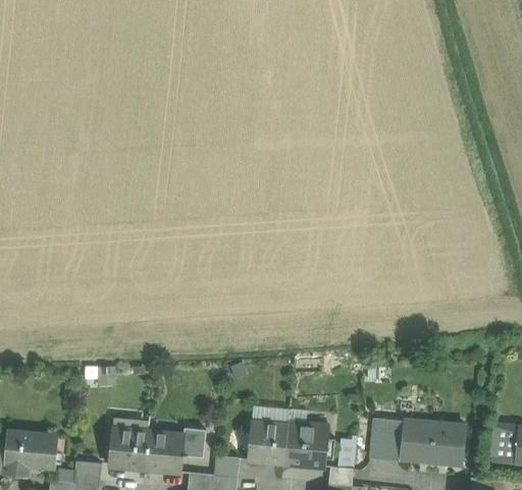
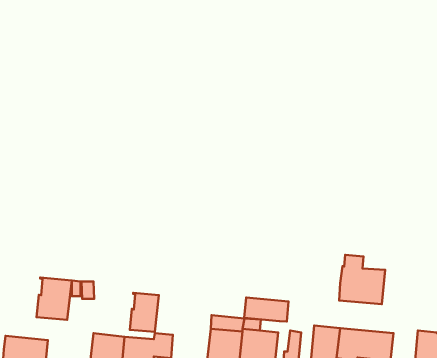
building: none -> [339,255,385,304]
building: none -> [36,278,72,320]
building: none -> [130,293,159,332]
building: none -> [244,297,289,322]

